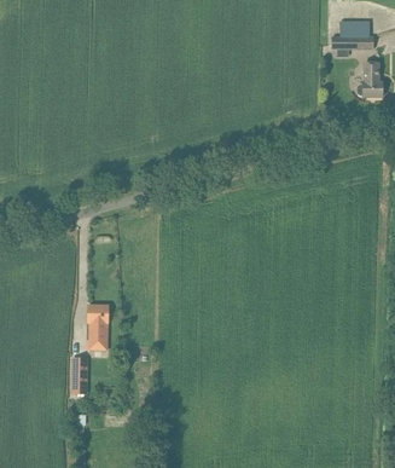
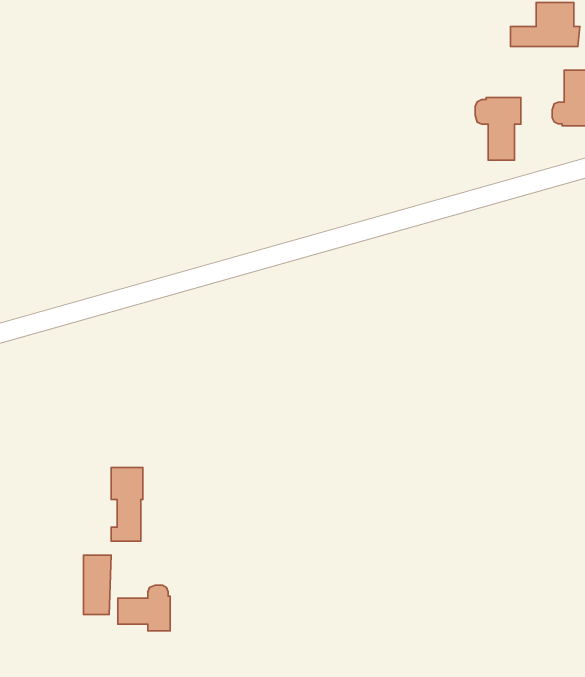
building: none -> [475,97,521,160]
building: none -> [118,585,170,631]

